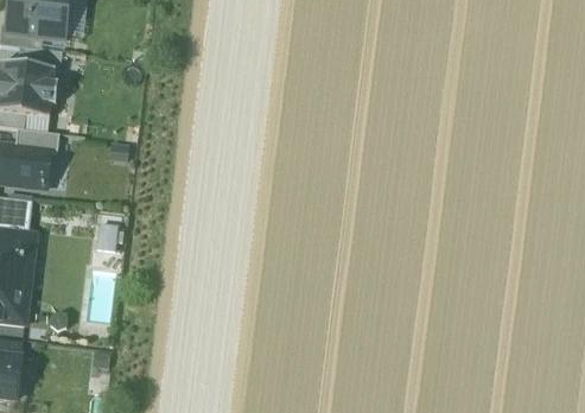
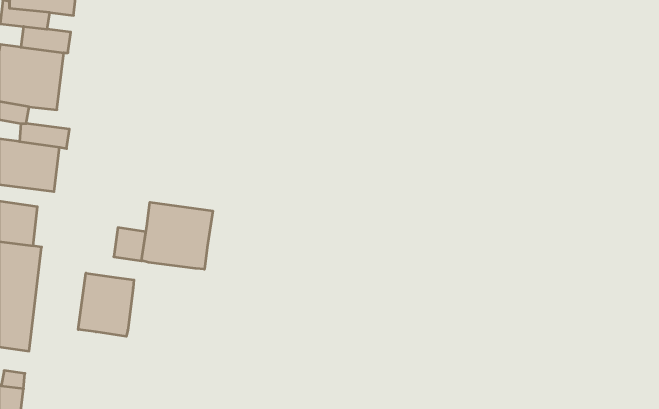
building: none -> [142,202,213,269]
building: none -> [78,273,134,336]

